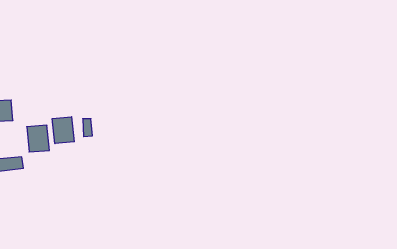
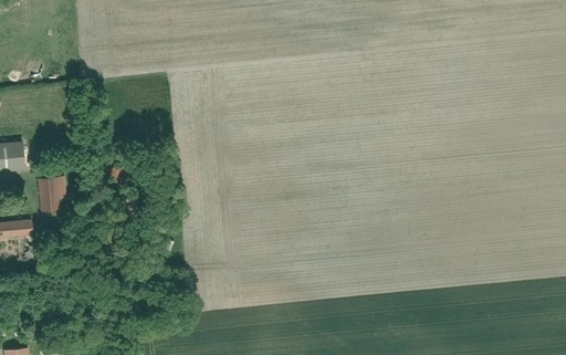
building: [52,117,74,144] -> none

